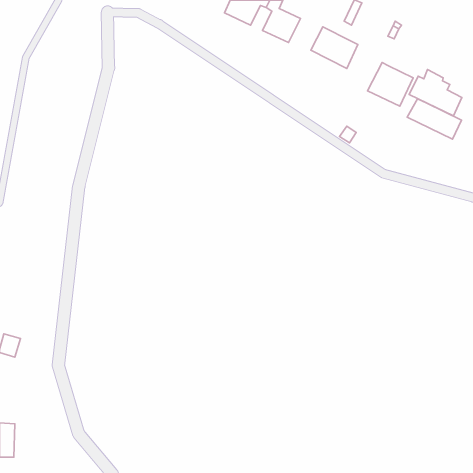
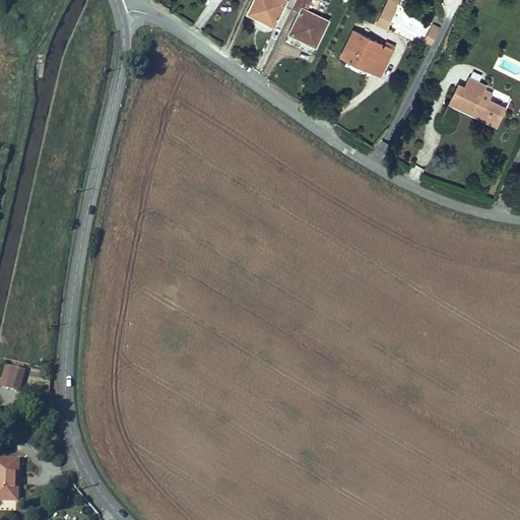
building: [367,62,413,106] -> none
building: [407,99,461,139] -> none

